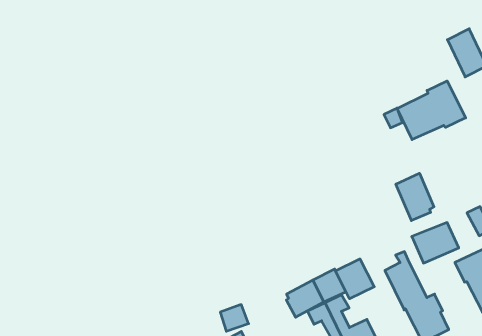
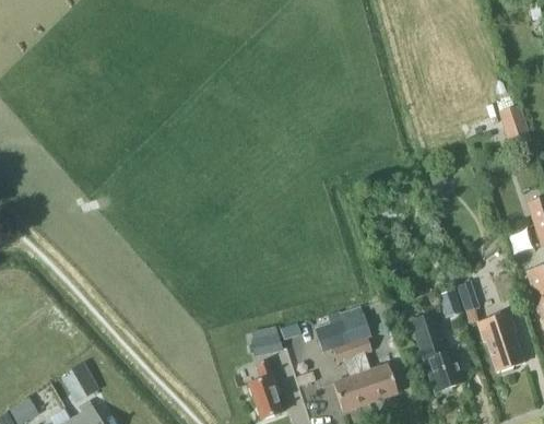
building: [397,81,466,140] -> none
building: [396,173,434,221] -> none
building: [335,259,374,299] -> none

